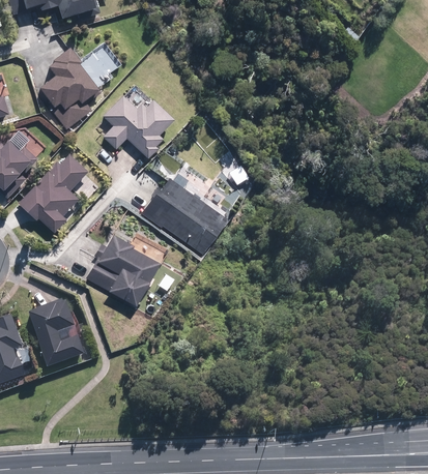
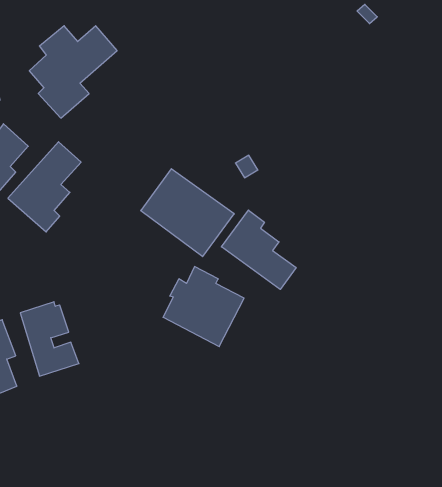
building: [103,90,177,157] -> none
building: none -> [221,210,296,289]
building: [86,232,161,305] -> [163,267,244,347]

